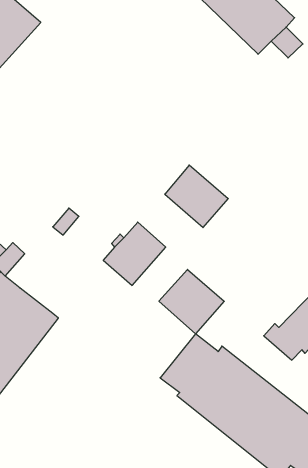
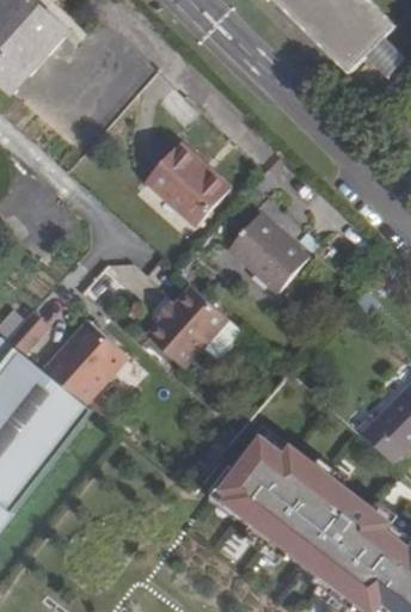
building: none -> [145,143,228,226]
building: none -> [41,319,124,404]
building: [159,269,224,334] -> none

